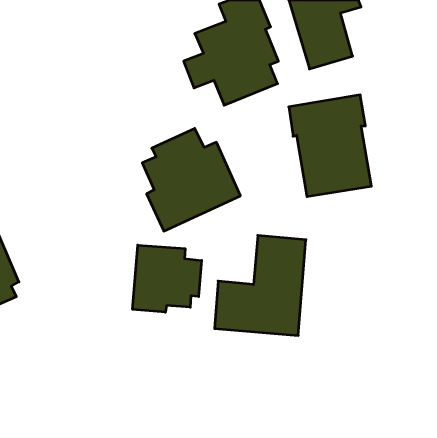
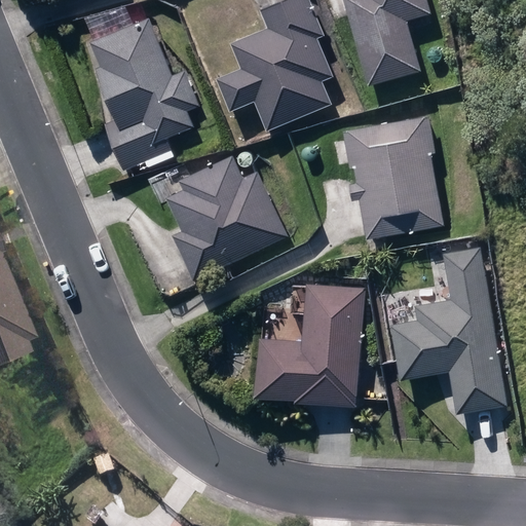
building: none -> [91,20,197,168]
building: none -> [394,251,503,414]
building: [133,245,202,312] -> none

